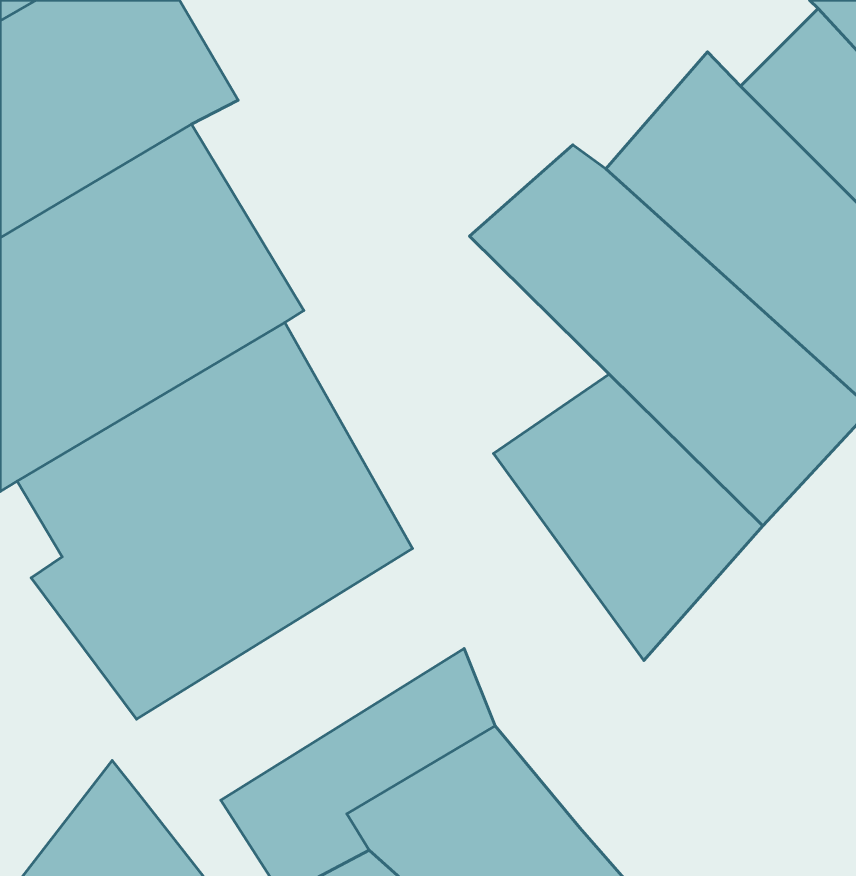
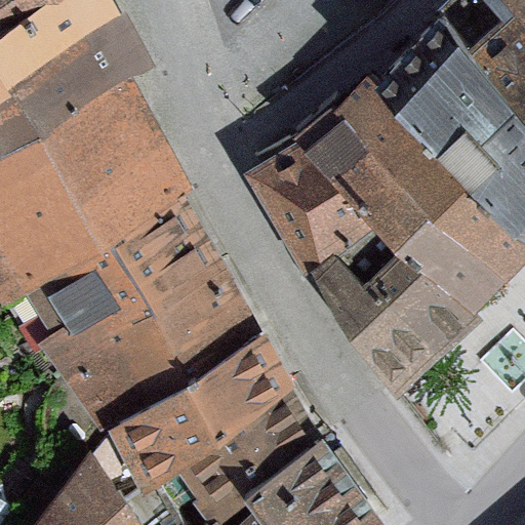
building: none -> [242,144,377,273]
building: none -> [96,329,291,489]

